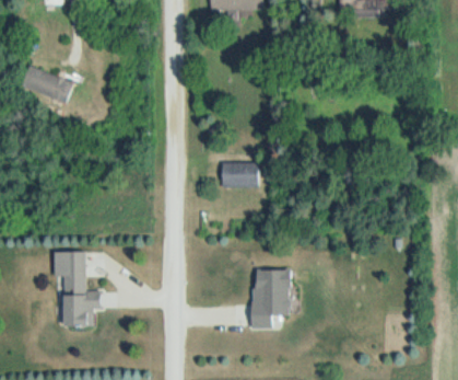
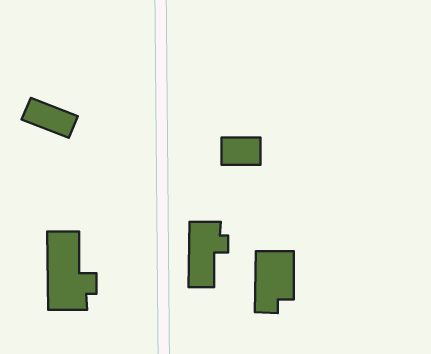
building: [21,65,74,103] -> [22,98,78,138]
building: none -> [188,222,228,287]

